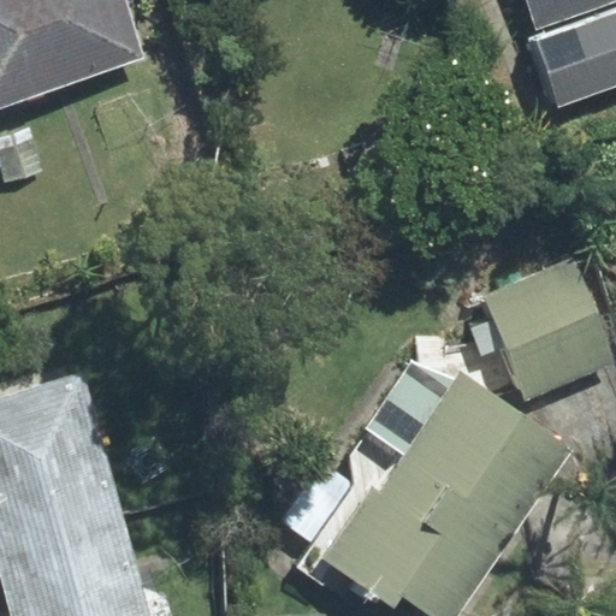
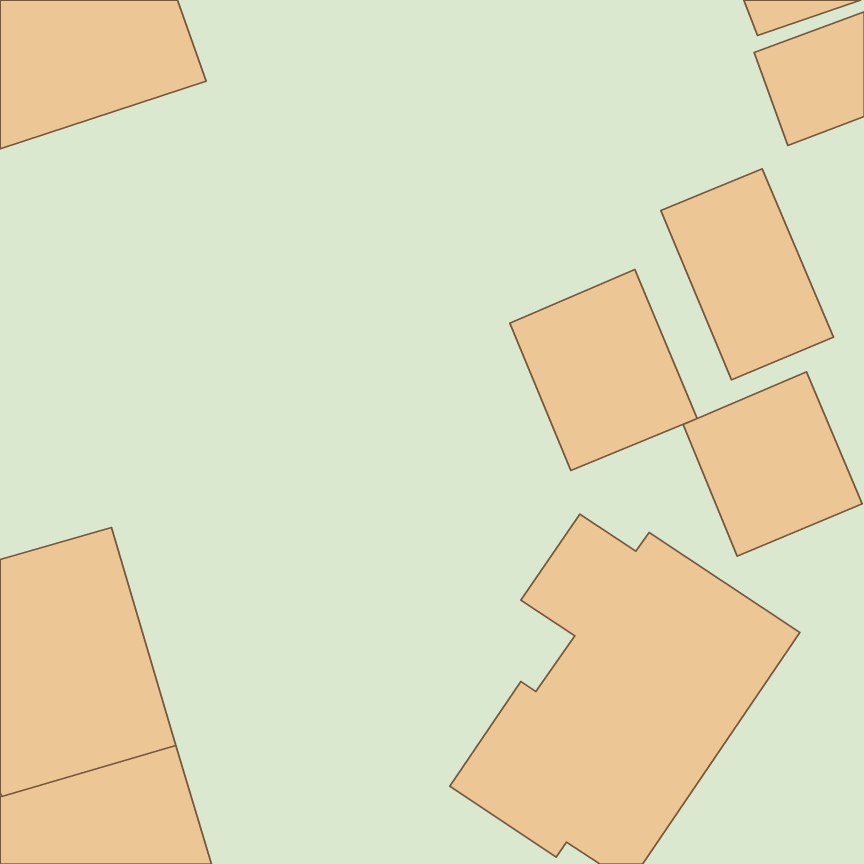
building: none -> [661,169,833,380]
building: none -> [510,269,697,471]

